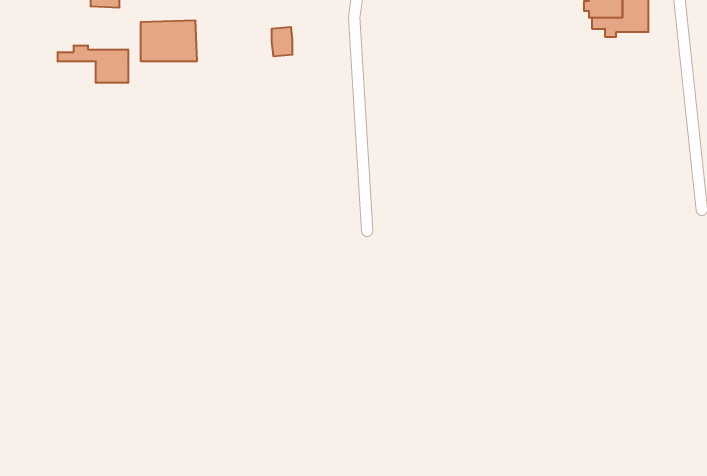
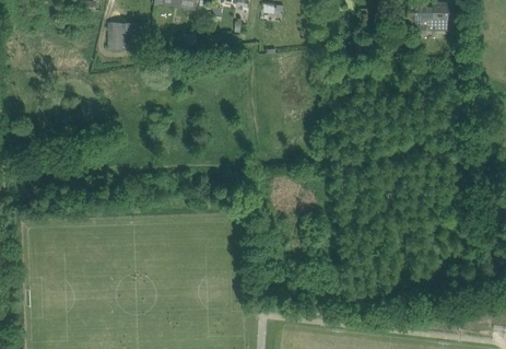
building: [58,45,128,83] -> none

